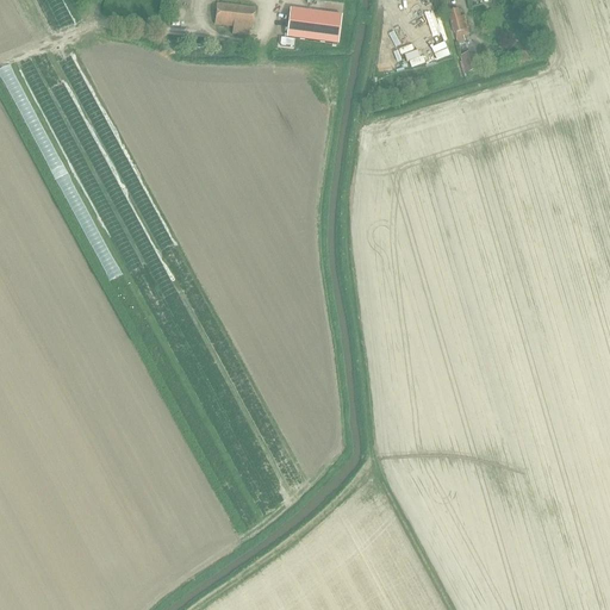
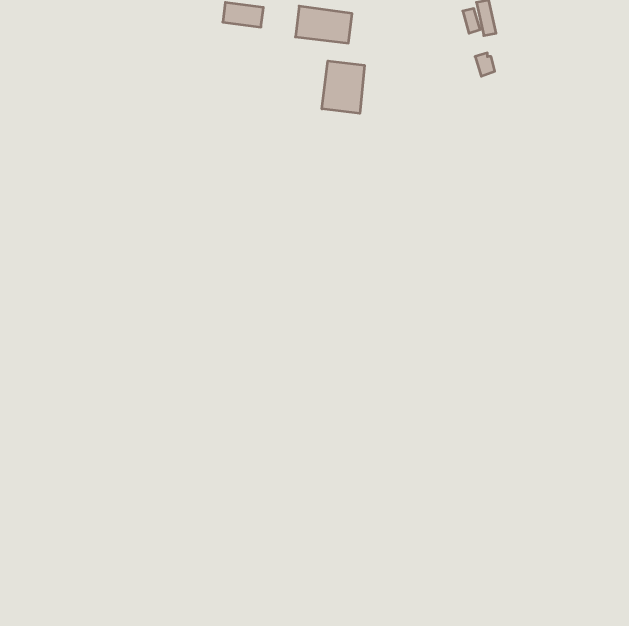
building: none -> [322,61,364,113]

